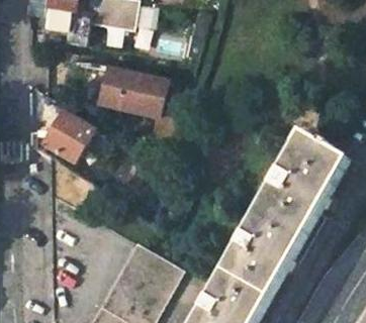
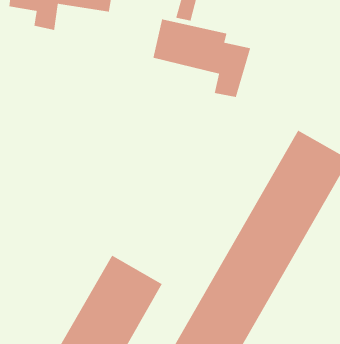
building: [101,68,189,138] -> [152,18,251,98]
building: [42,108,92,159] -> none

